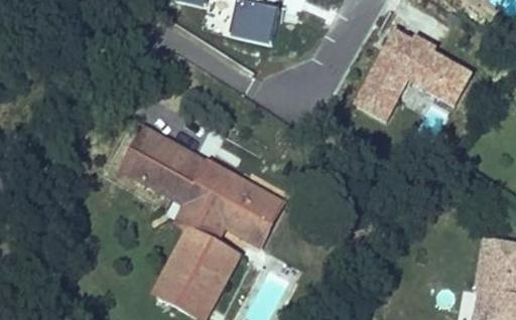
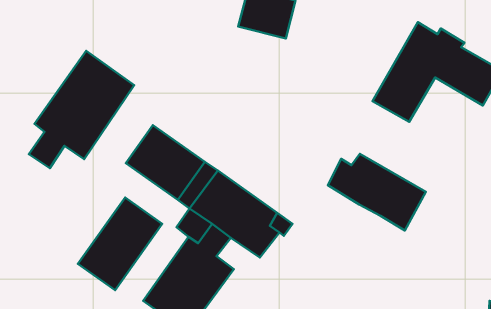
building: none -> [29,51,134,168]
building: none -> [328,154,426,231]
building: none -> [78,198,162,290]

